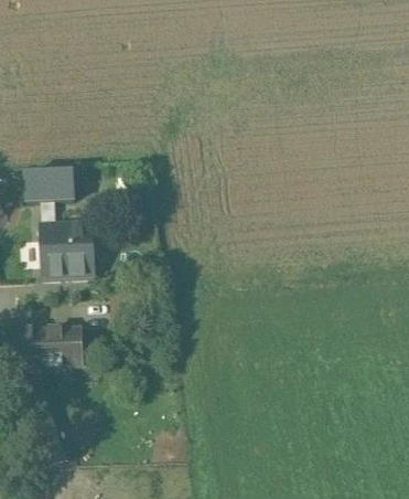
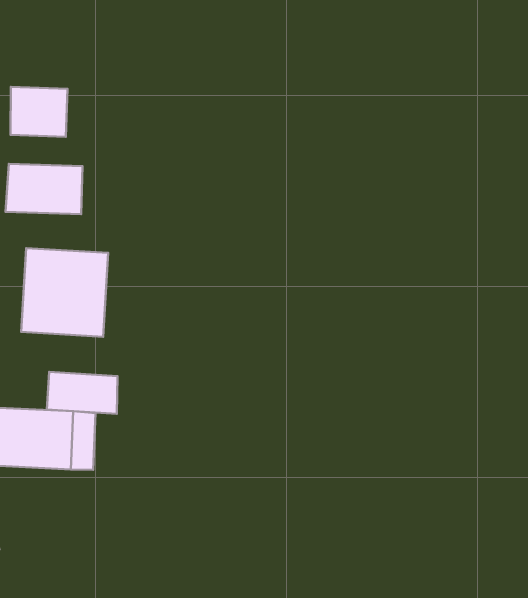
building: none -> [11,87,68,137]
building: none -> [47,372,118,414]

